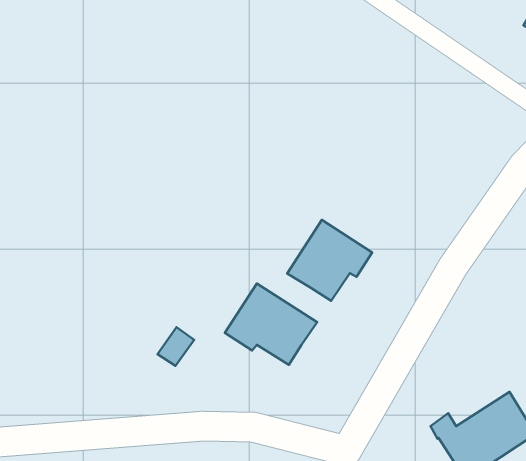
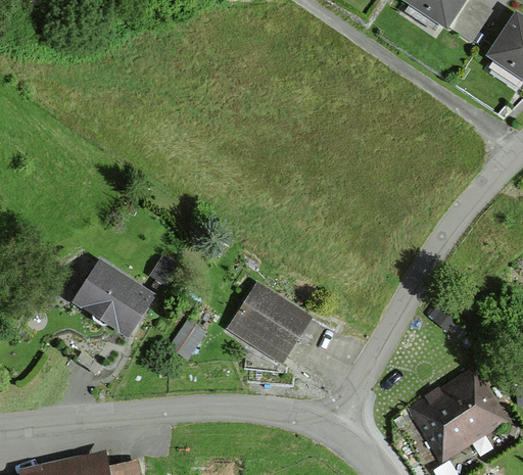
building: [287,220,372,301] -> none
building: none -> [78,263,150,331]

